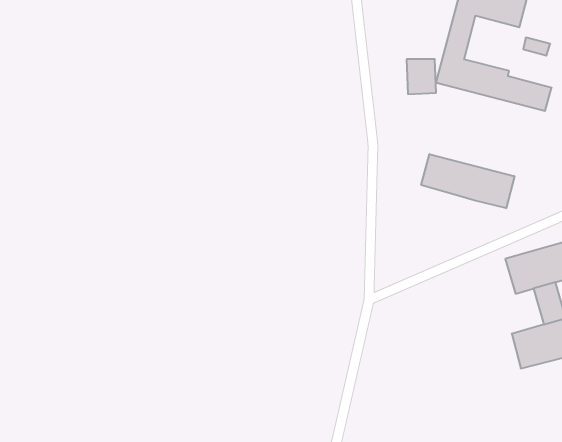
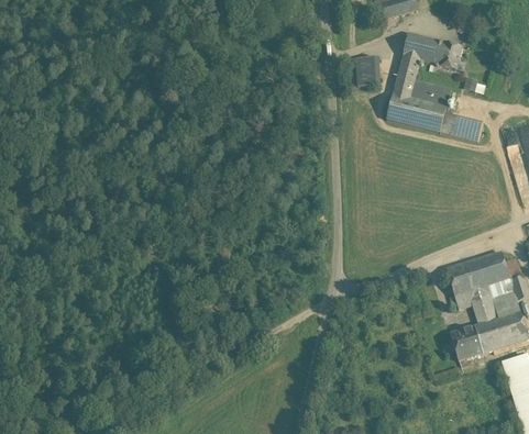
building: [407,59,436,94] -> [352,57,377,87]
building: [421,154,514,208] -> none

